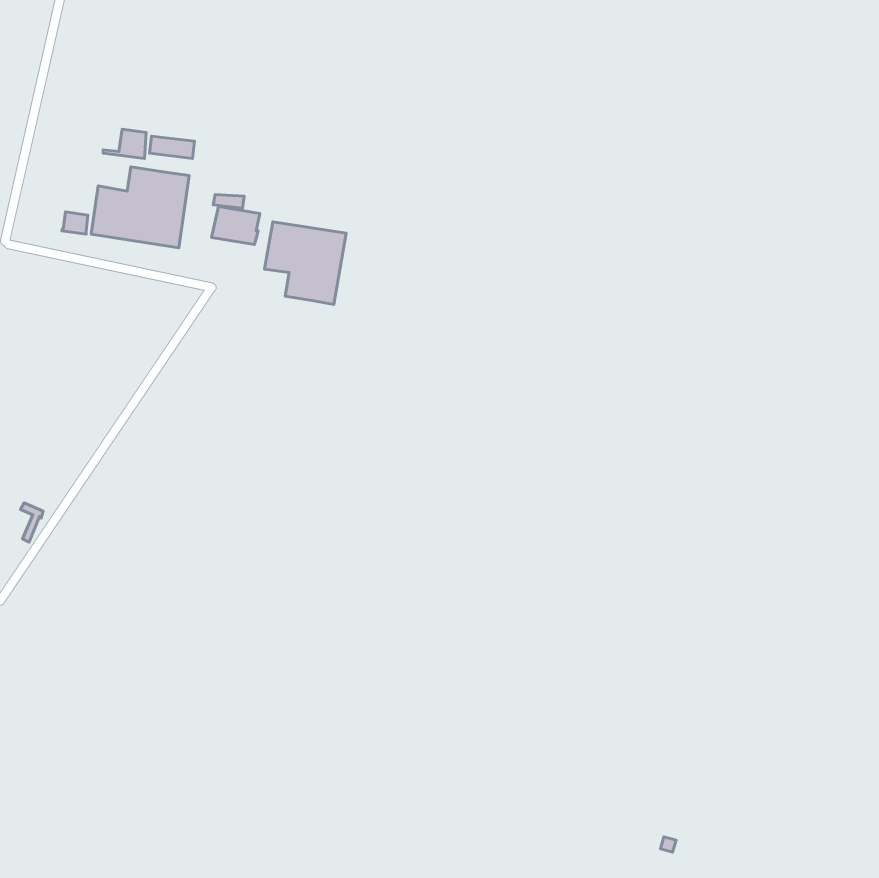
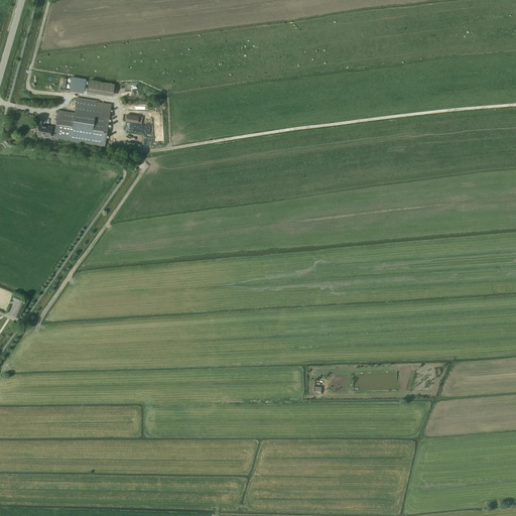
building: [265,222,346,304] -> none

